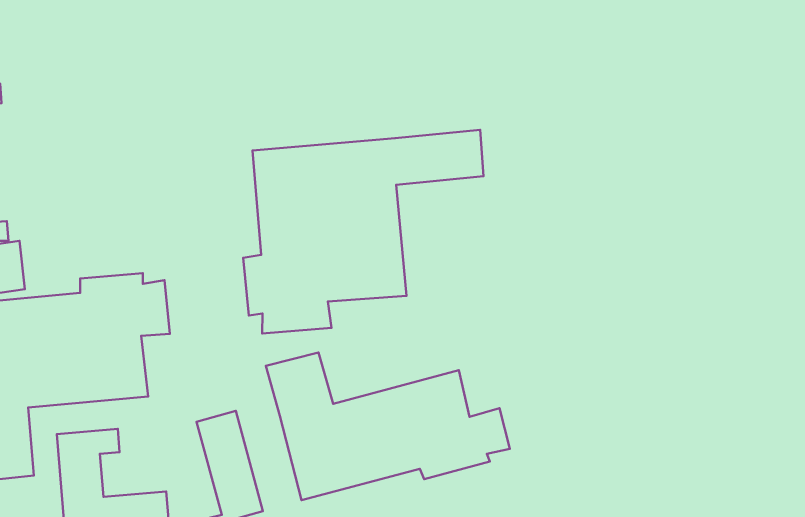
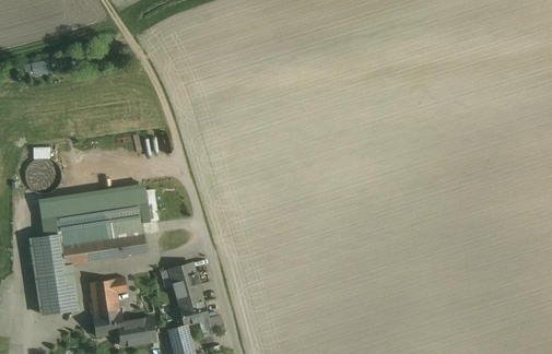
building: [243,130,484,334] -> none
building: [266,353,510,500] -> none

